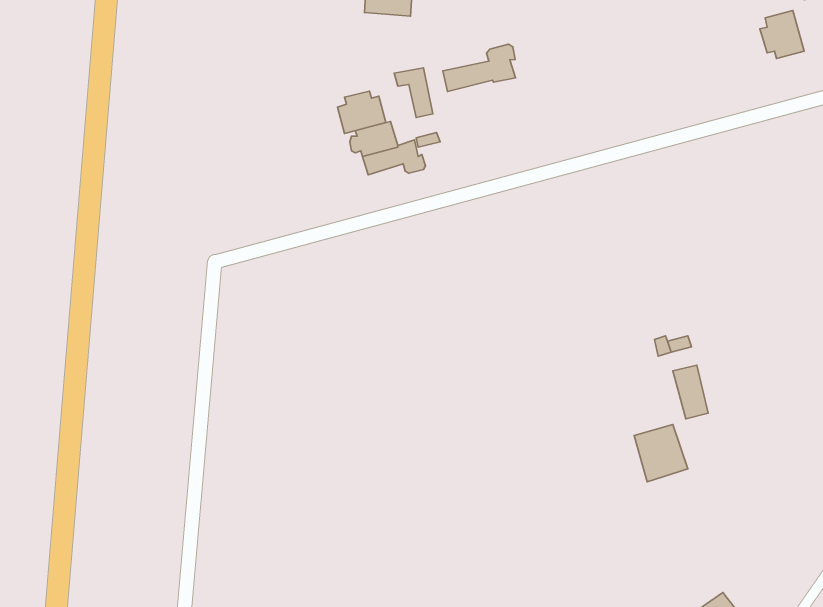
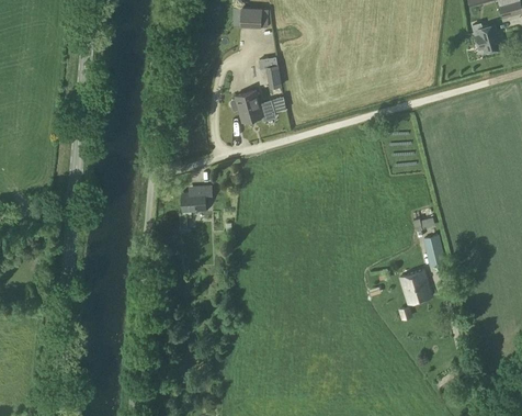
building: [443,44,516,91] -> none
building: [337,91,386,133] -> none
building: none -> [181,187,206,211]

